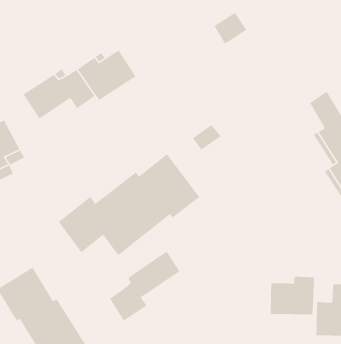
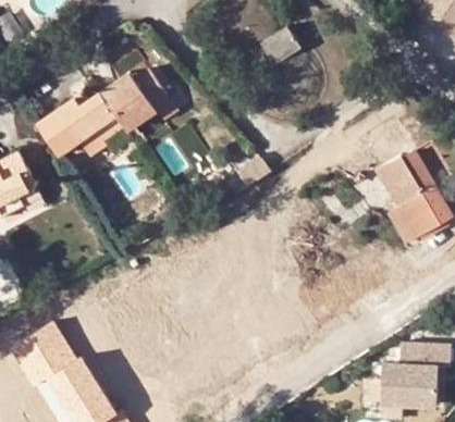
building: [58,153,200,256] -> none
building: [109,251,180,321] -> none
building: [270,276,315,315] -> none

